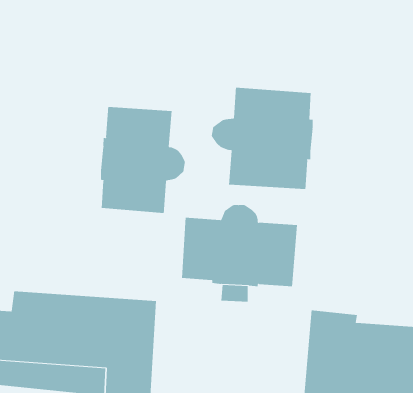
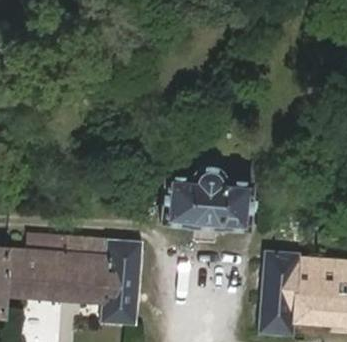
building: [211,87,313,190] -> none
building: [100,106,185,214] -> none

